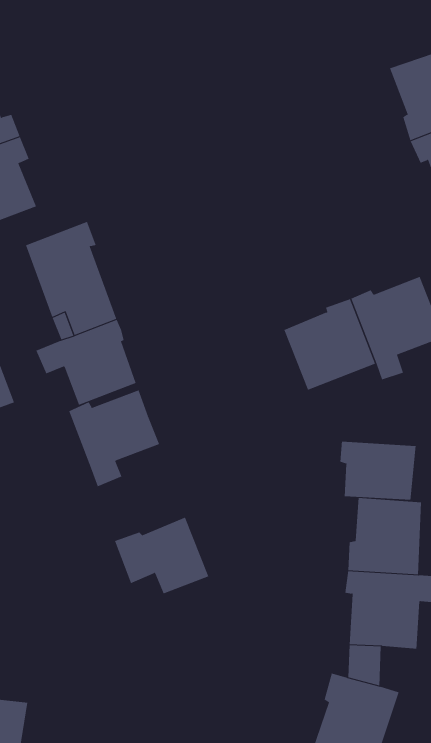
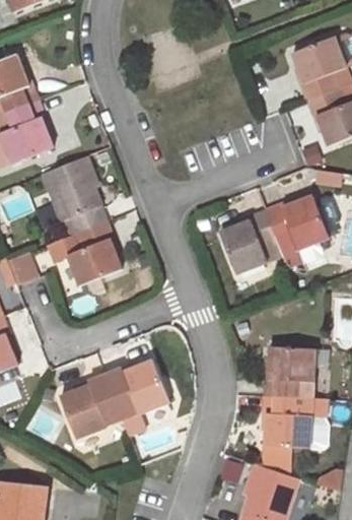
building: [69,390,160,487] -> none
building: [340,441,416,501] -> none
building: none -> [60,376,121,438]

